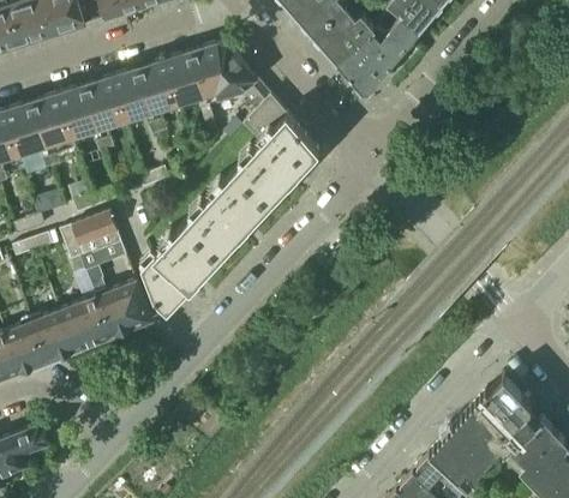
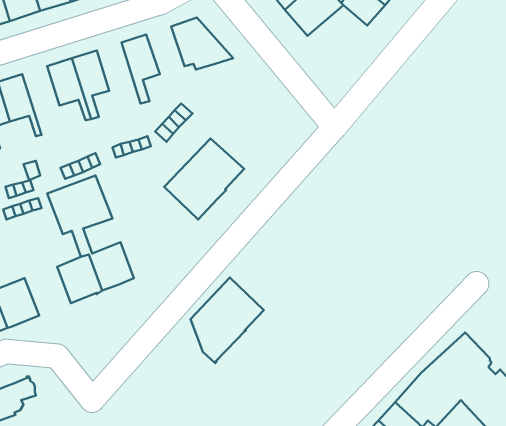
building: [336,30,400,91] -> none
building: [164,53,205,103] -> none
building: [112,70,158,137] -> none
building: [233,86,319,204] -> none
building: [32,95,72,168] -> none
building: [142,223,220,314] -> [190,277,264,363]
building: [35,308,84,360] -> none

